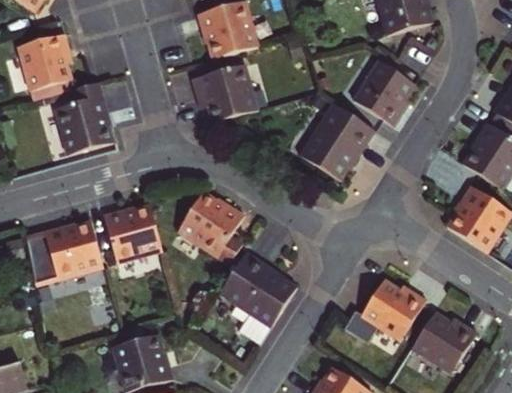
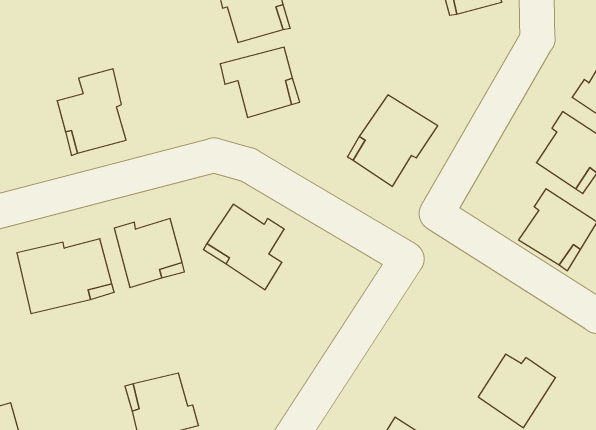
building: [24,30,78,88] -> none
building: [353,58,416,125] -> none
building: [217,255,294,348] -> none
building: [339,287,424,352] -> none

